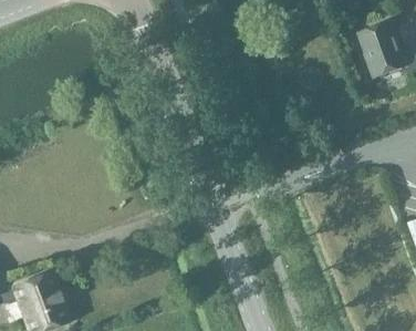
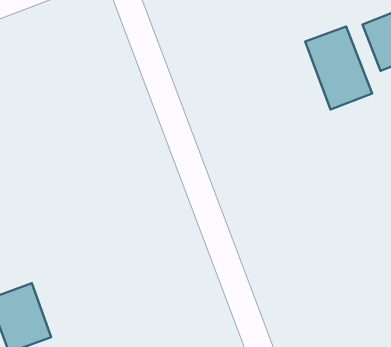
building: none -> [305,26,372,110]

